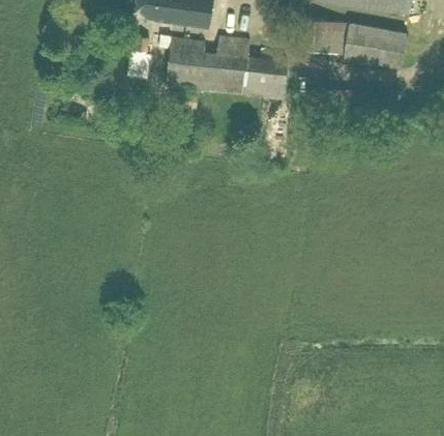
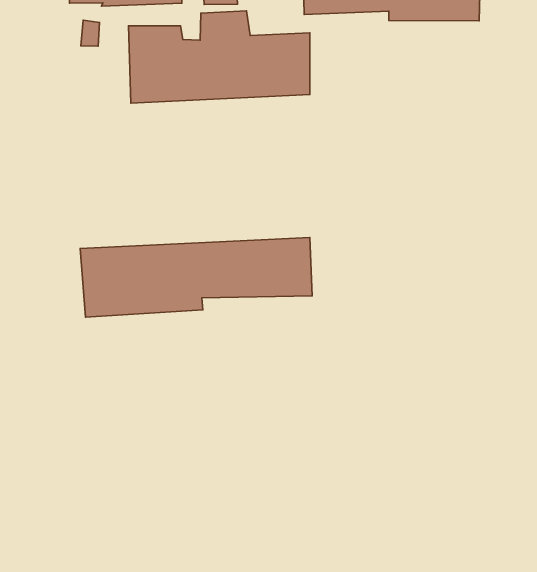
building: none -> [80,238,312,317]

